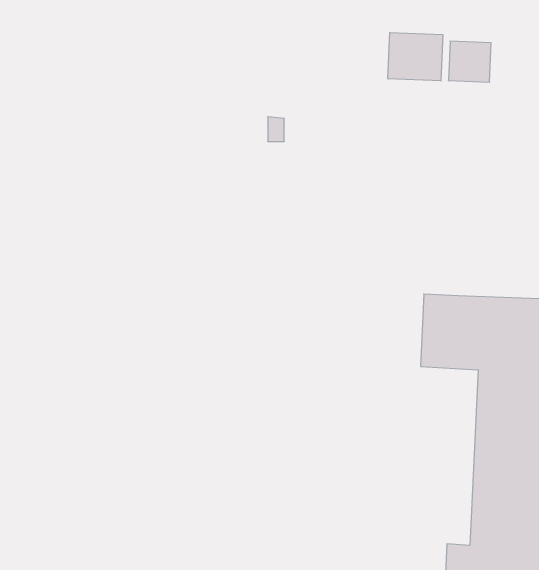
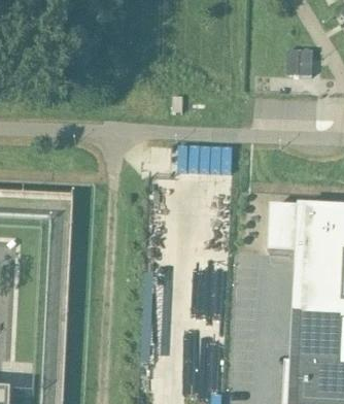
building: [388,32,443,81] -> none

